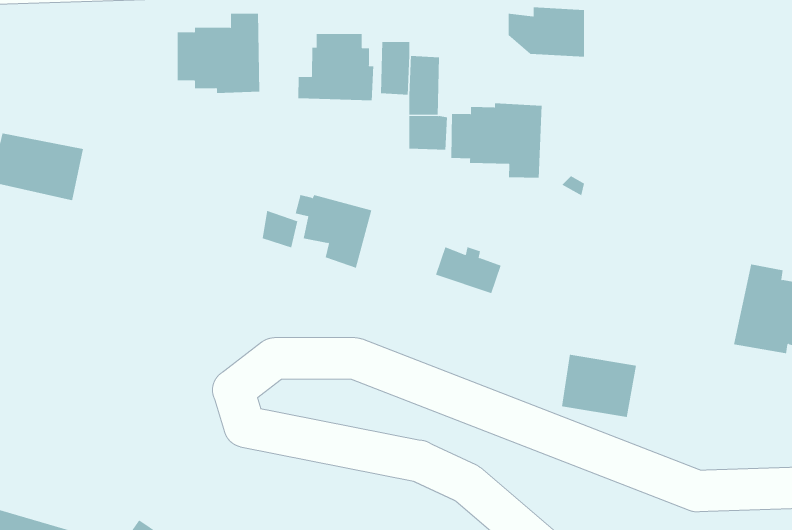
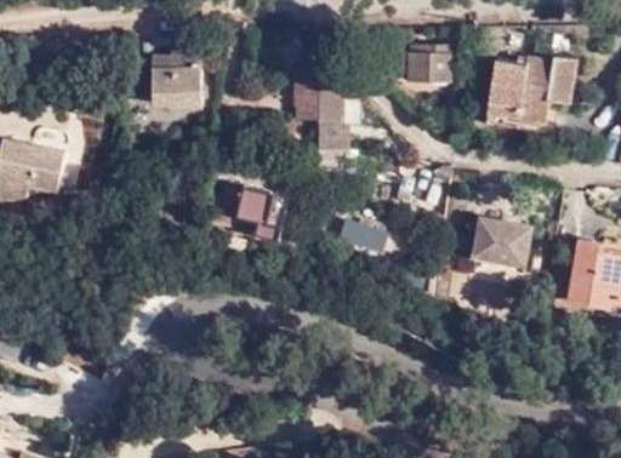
building: none -> [484,53,576,134]
building: [298,33,374,101] -> none
building: [451,103,542,178] -> none
building: [561,354,637,417] -> [473,218,531,267]

